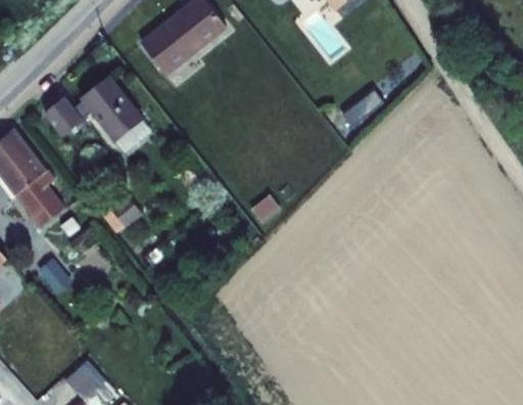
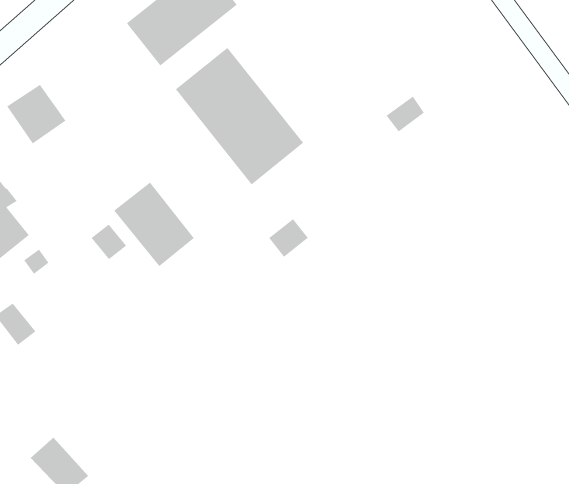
building: none -> [175,47,304,185]
building: [80,75,143,141] -> [113,182,195,267]

